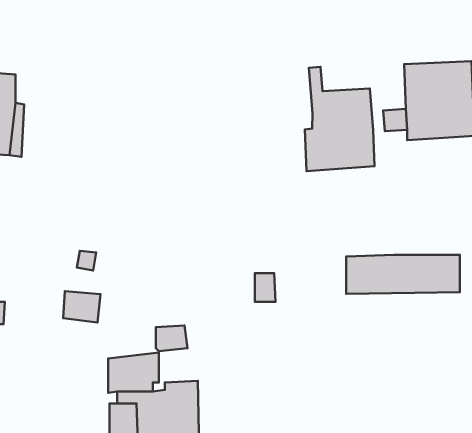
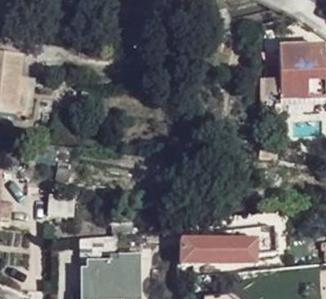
building: [305,67,374,171] -> none
building: [346,255,460,294] -> [182,239,258,265]

